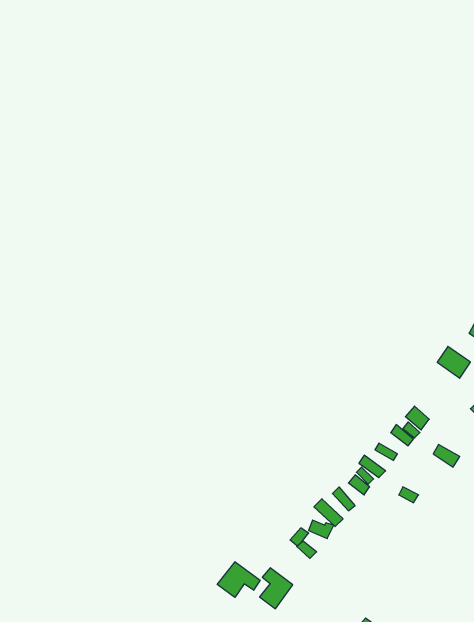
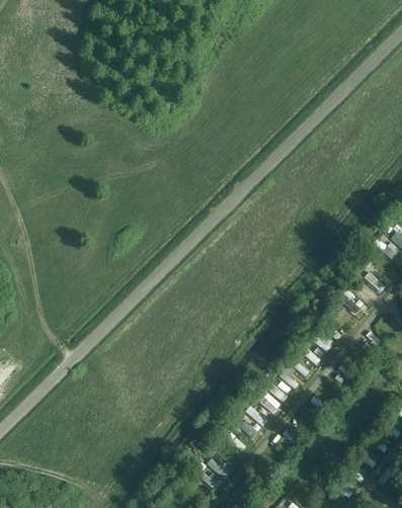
building: [217,562,260,597] -> none

